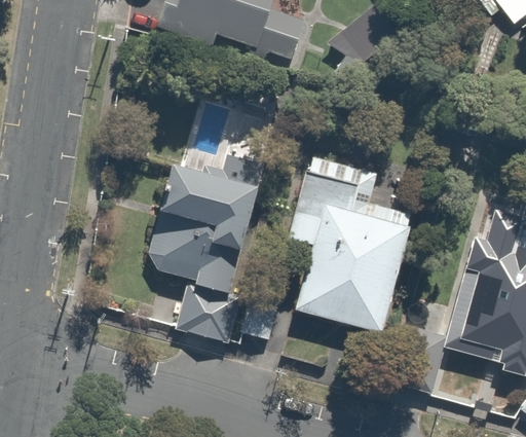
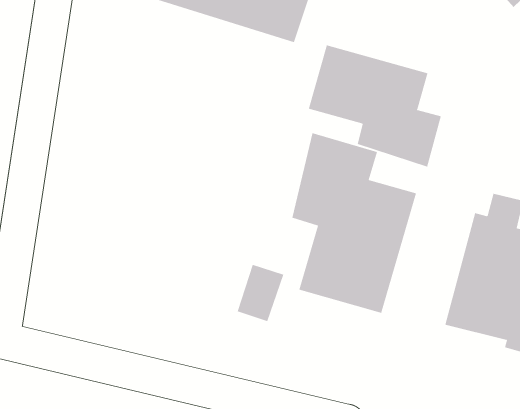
building: none -> [308,45,441,167]
building: [141,154,281,344] -> none

